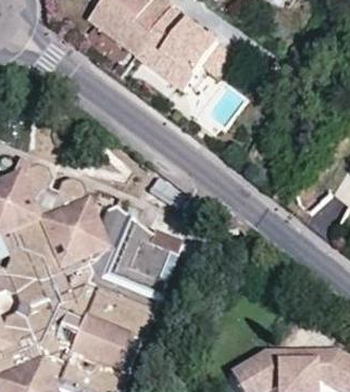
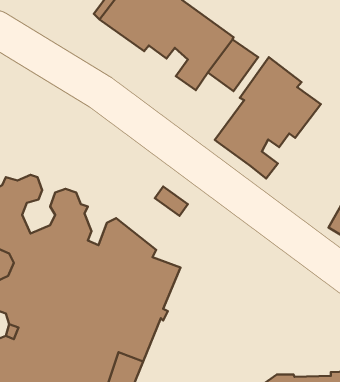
building: none -> [215,57,321,178]

